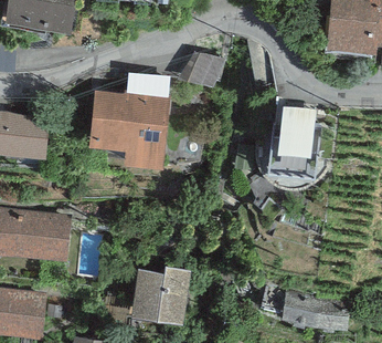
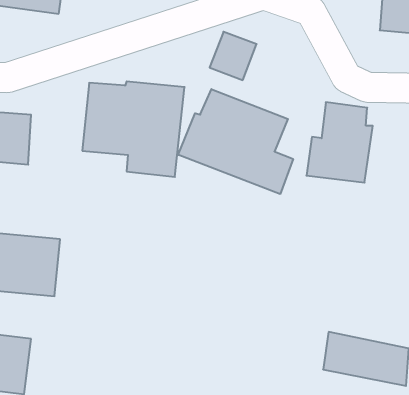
building: none -> [178,89,293,194]
building: [130,268,190,324] -> none

